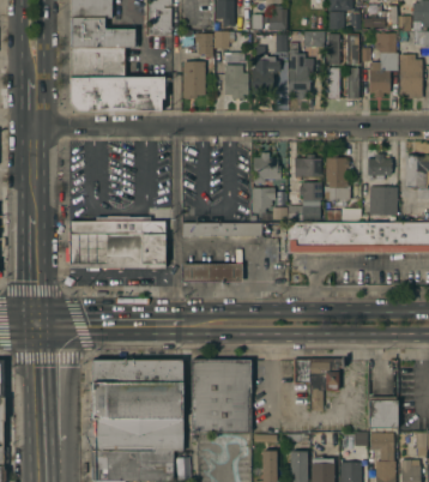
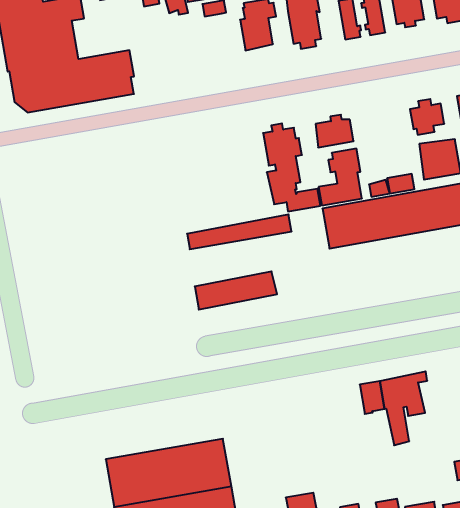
building: [183,61,205,97] -> none
building: [224,65,248,98] -> none
building: [325,155,350,200] -> none
building: [67,216,170,267] -> none
building: [192,359,250,432] -> none
building: [92,361,183,382] -> none

